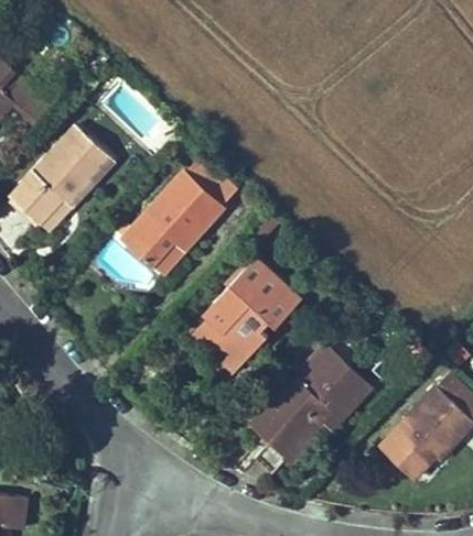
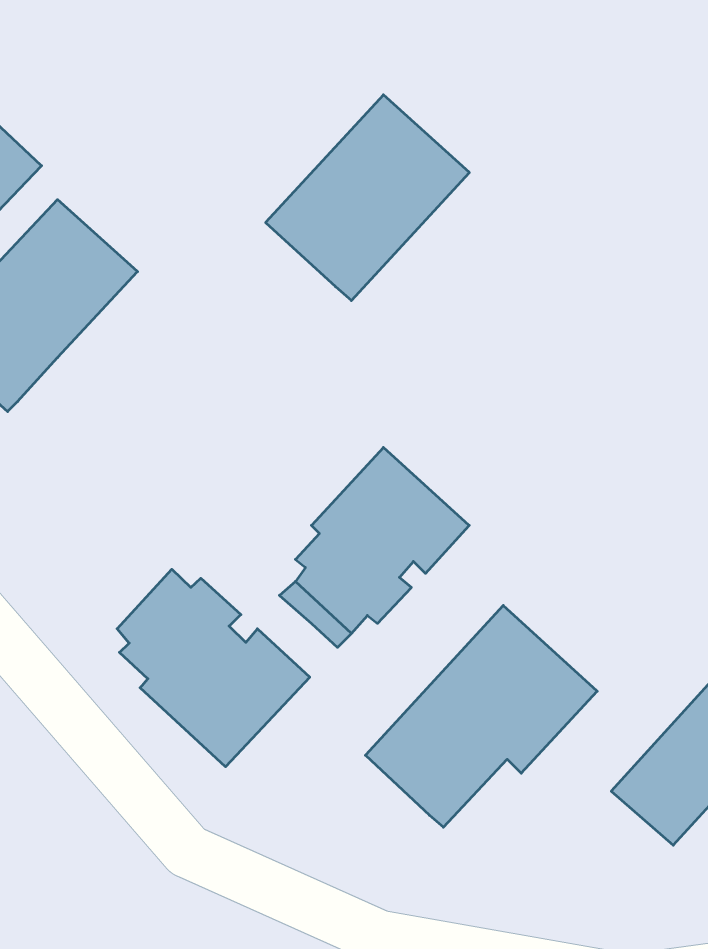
building: [116,164,228,277] -> [266,95,469,301]
building: none -> [117,569,310,767]

